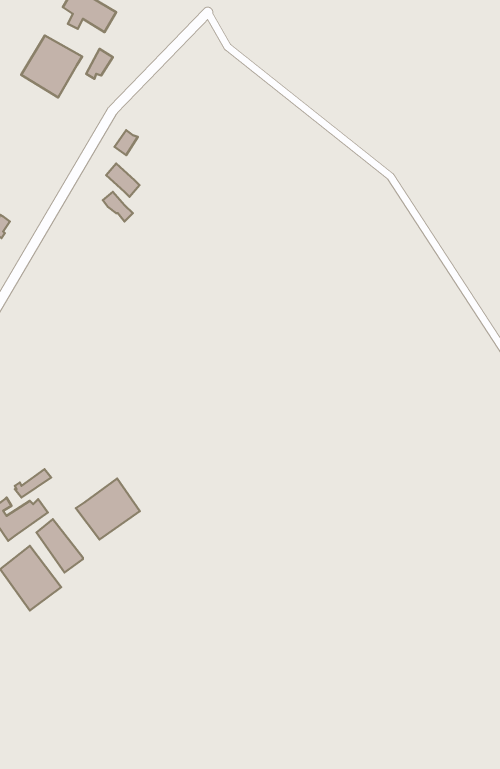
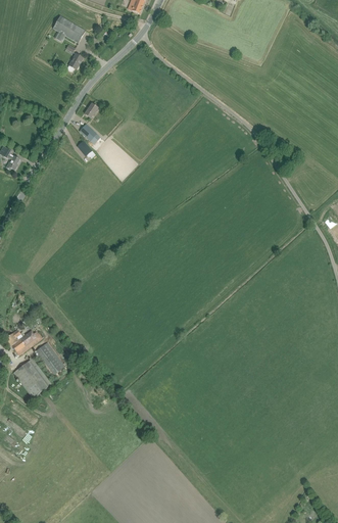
building: [21,36,82,97] -> none
building: [76,478,140,540] -> none

